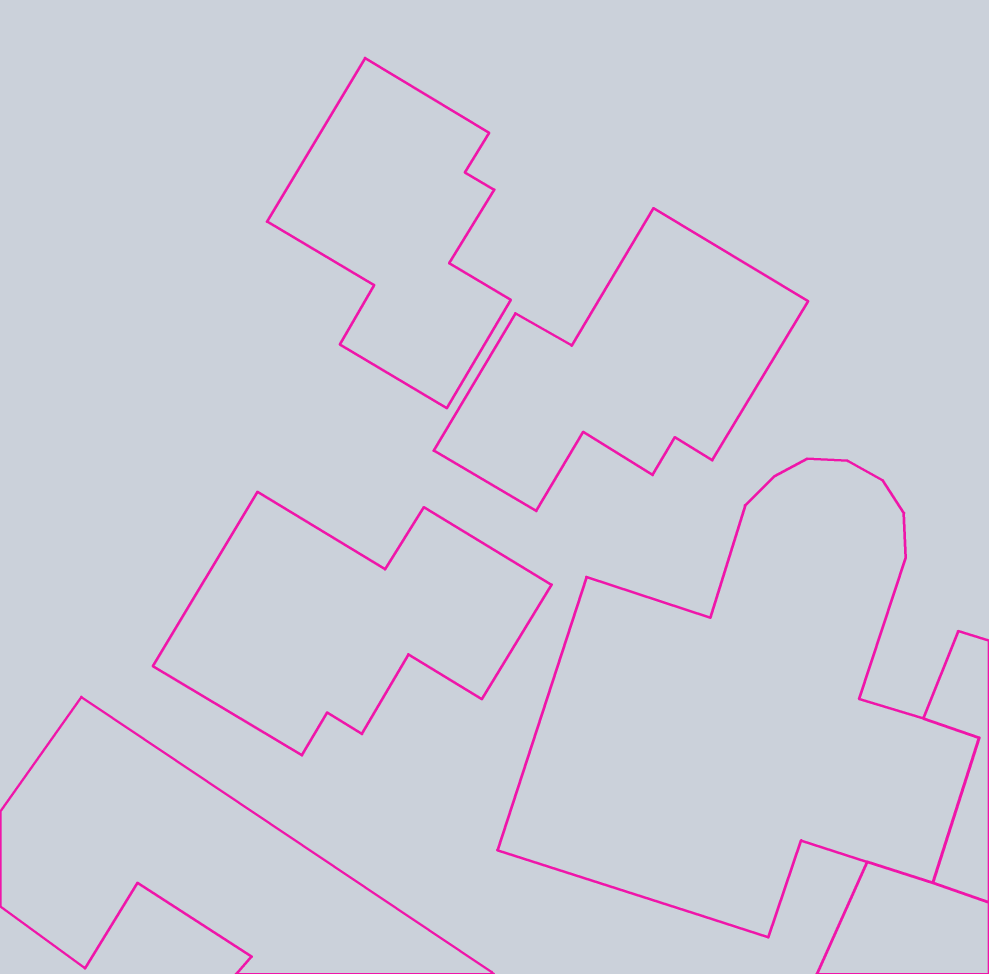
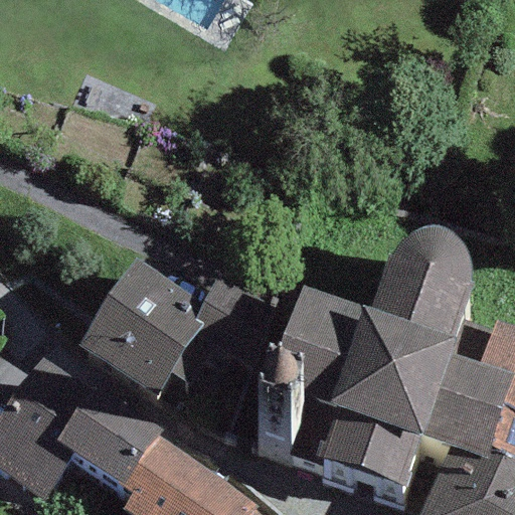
building: [267,58,511,408] -> none
building: [434,208,808,511] -> none

